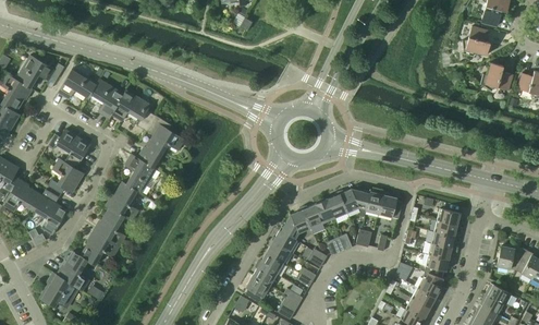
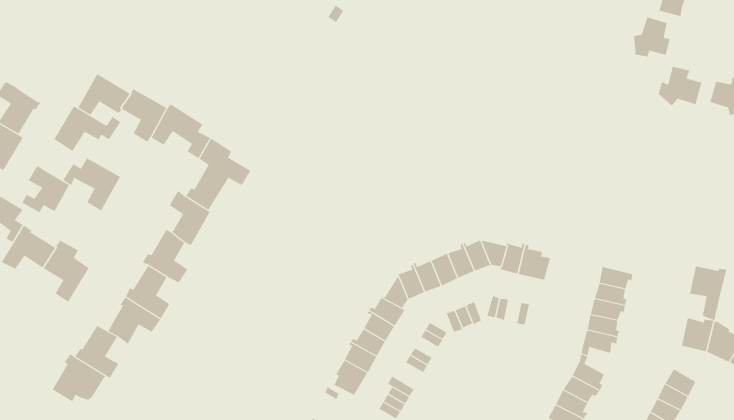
building: [14,56,64,89] -> [52,106,121,152]
building: [48,159,83,194] -> [22,165,70,213]
building: none -> [689,265,727,321]

